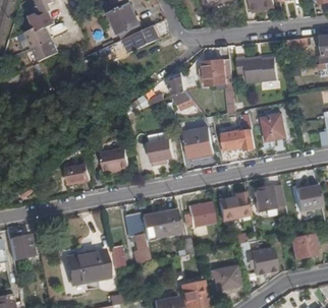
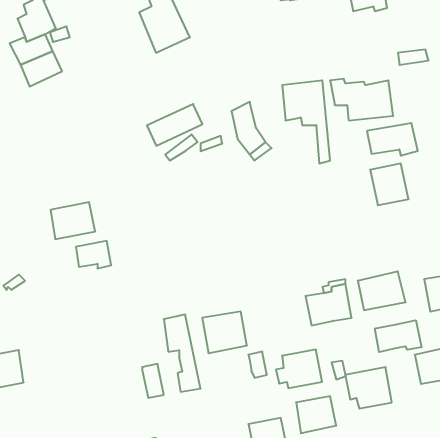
building: [122,25,159,53] -> [147,104,202,146]
building: [185,127,214,158] -> none
building: [223,128,257,149] -> [367,123,418,156]
building: [148,138,174,166] -> none
building: [100,146,129,171] -> [51,202,95,239]
building: [184,201,215,227] -> [276,350,322,388]
building: none -> [375,320,422,352]
building: [67,250,111,285] -> none

